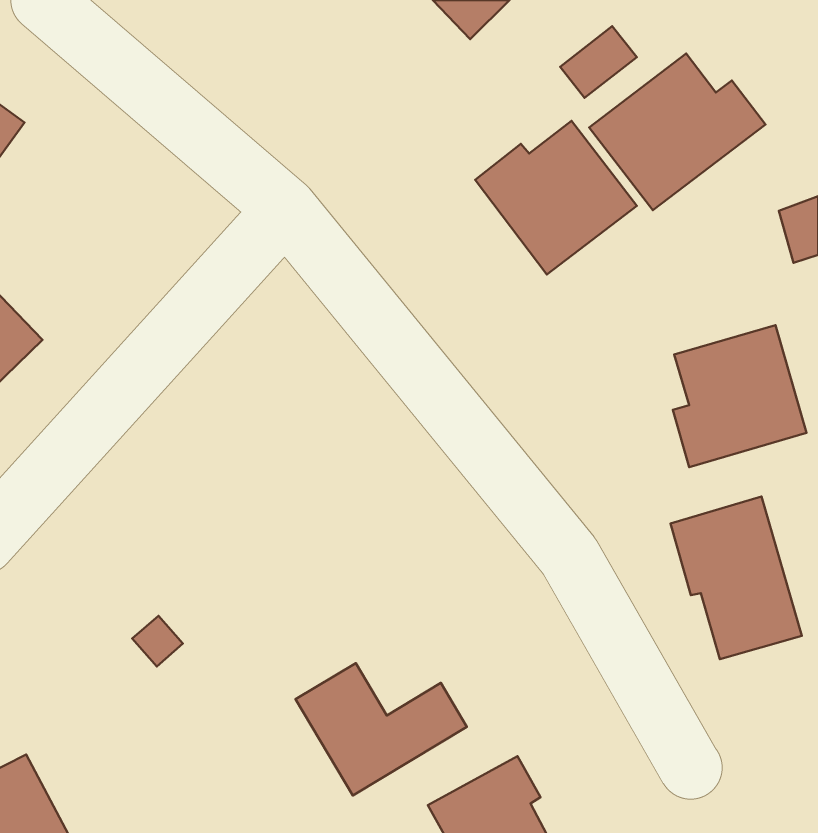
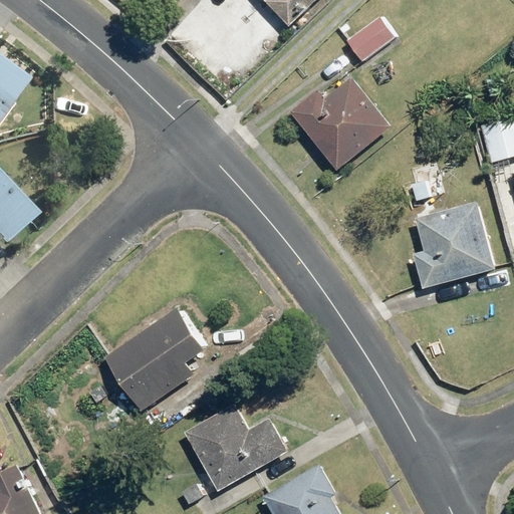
building: [589,54,765,210] -> none
building: [671,497,802,659] -> none
building: none -> [104,308,204,411]

